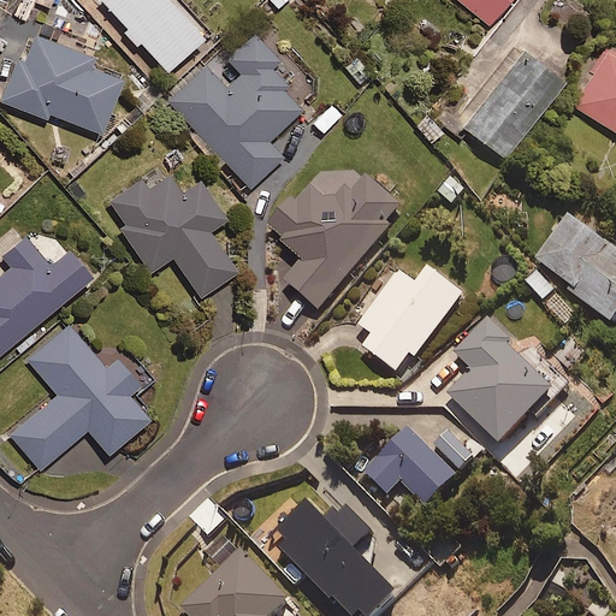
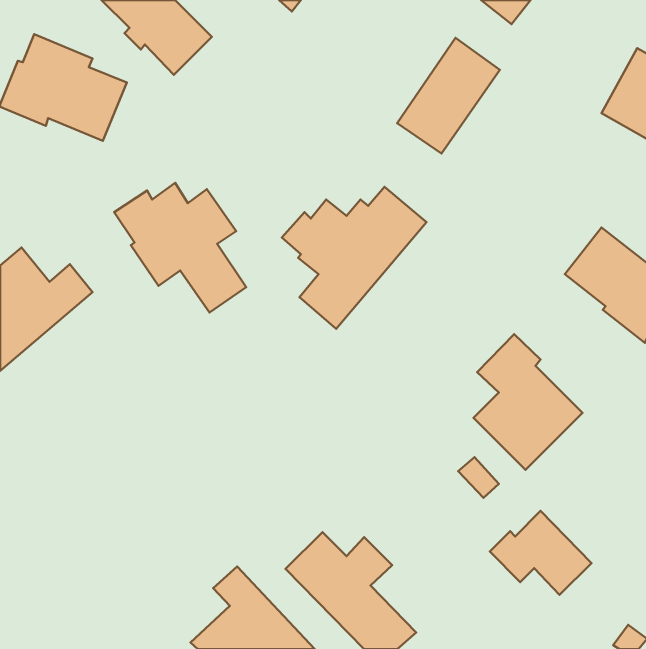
building: [168,32,301,188] -> none
building: [462,47,559,156] -> [397,38,500,154]
building: [361,267,466,374] -> none
building: [11,324,149,469] -> none
building: [361,428,457,508] -> [490,511,591,595]

